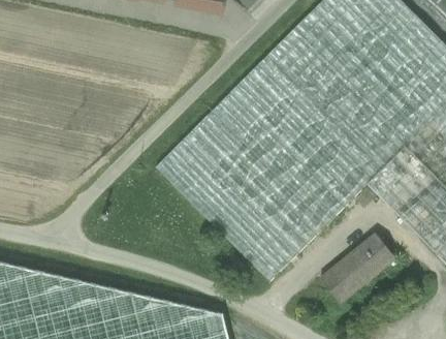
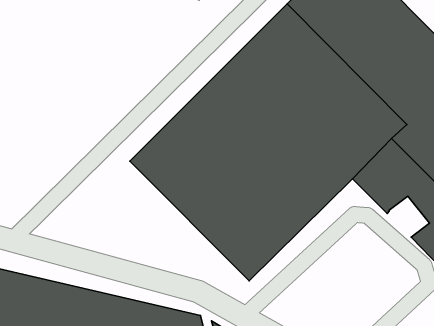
building: [402,201,440,240] -> none
building: [318,236,393,304] -> none

